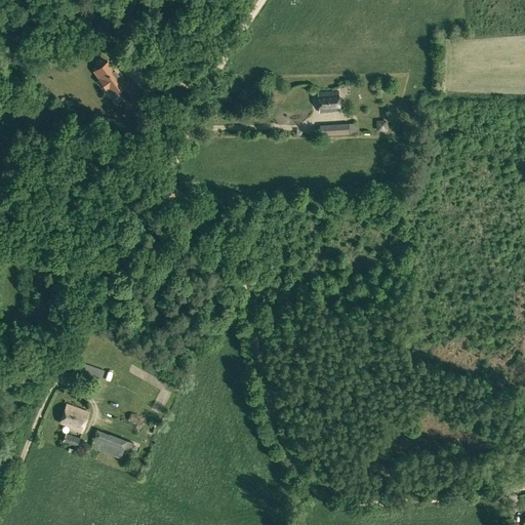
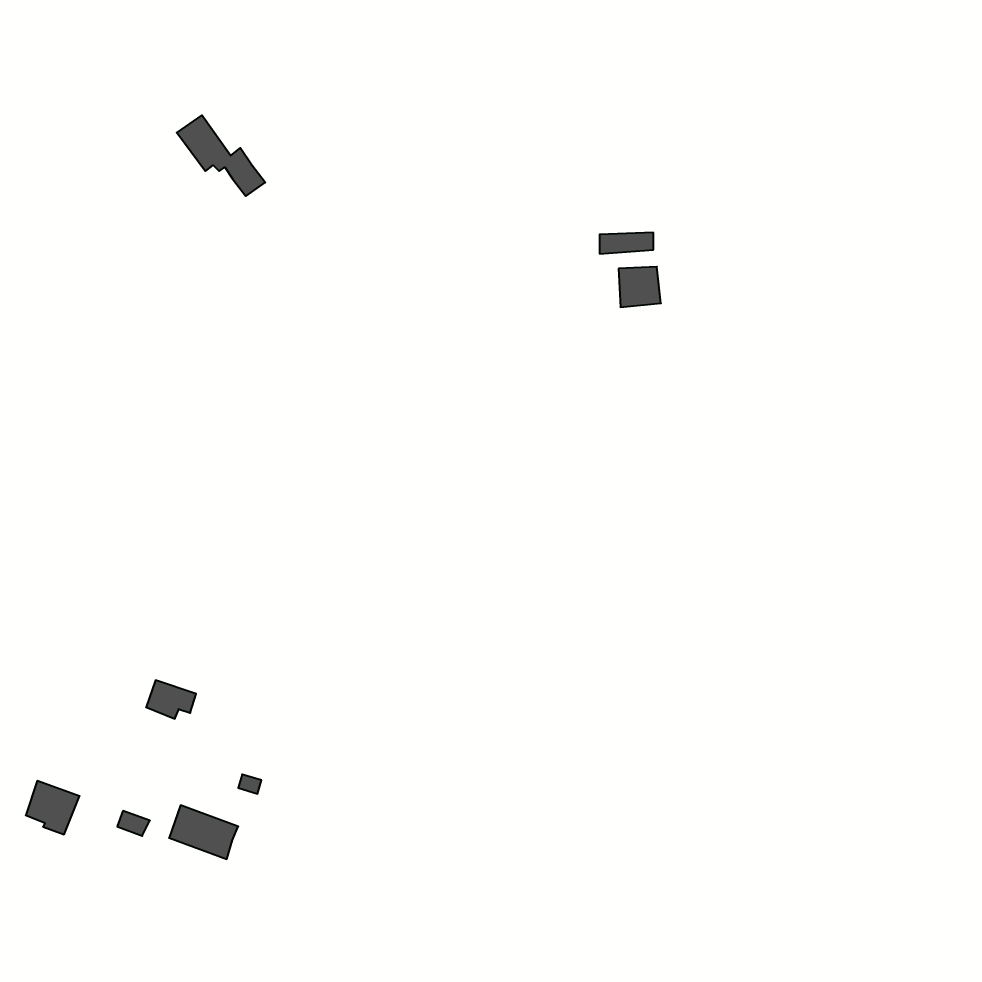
building: [318,91,340,113] -> [619,267,661,307]
building: [60,404,89,433] -> [26,781,80,834]

